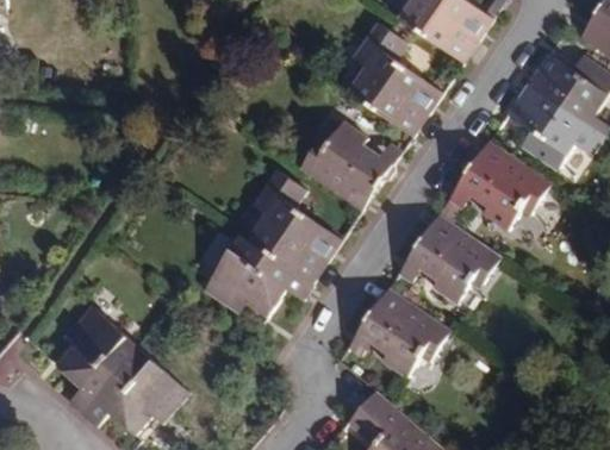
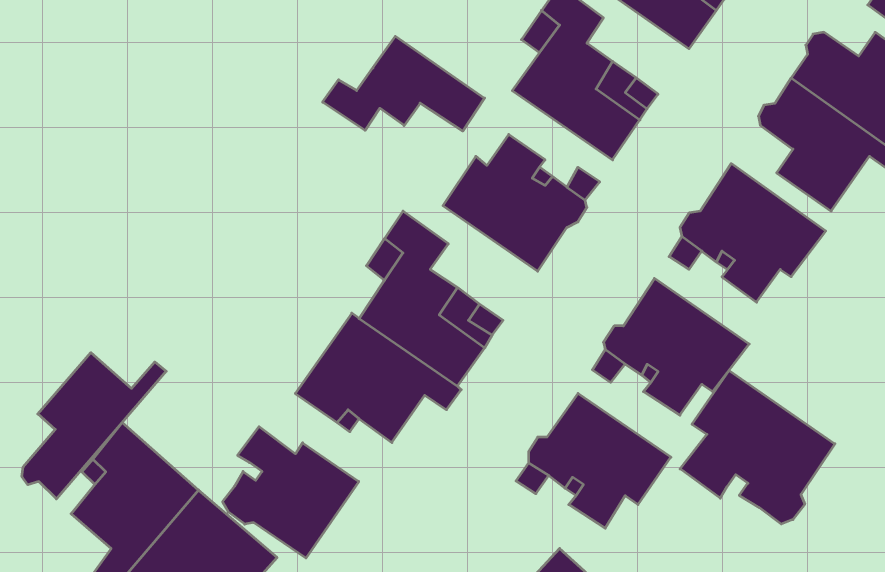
building: none -> [323,36,485,131]
building: none -> [22,353,166,499]
building: none -> [680,370,835,524]
building: none -> [223,427,359,558]

